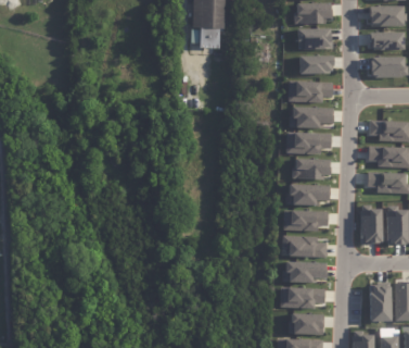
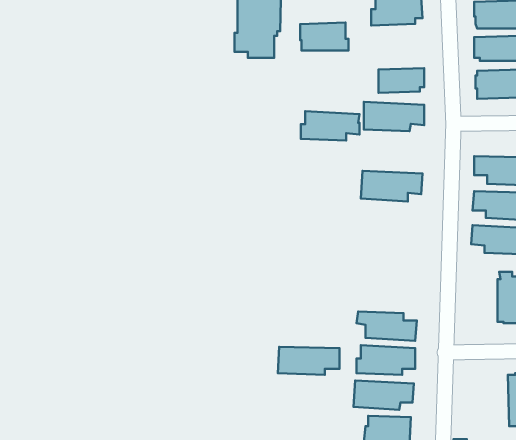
building: [296,28,332,49] -> [300,23,349,50]
building: [289,107,332,128] -> [301,111,360,140]
building: [291,159,330,179] -> none
building: [285,184,329,206] -> none
building: [360,206,382,245] -> none
building: [282,210,328,231] -> [278,347,339,375]
building: [369,283,391,322] -> none

